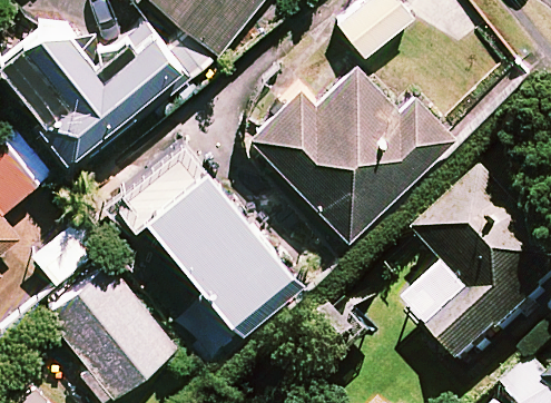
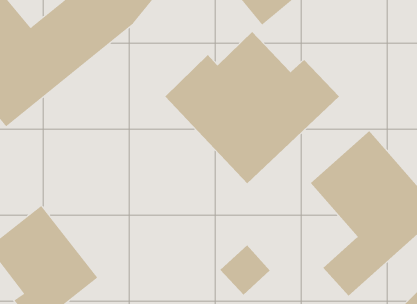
building: [142,161,299,328] -> none

